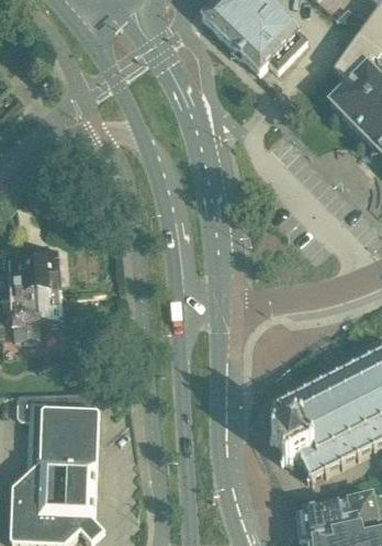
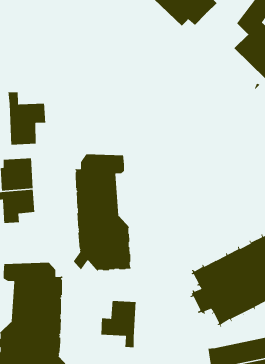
building: none -> [7,91,46,145]
building: none -> [73,153,132,272]
building: none -> [100,300,137,348]

